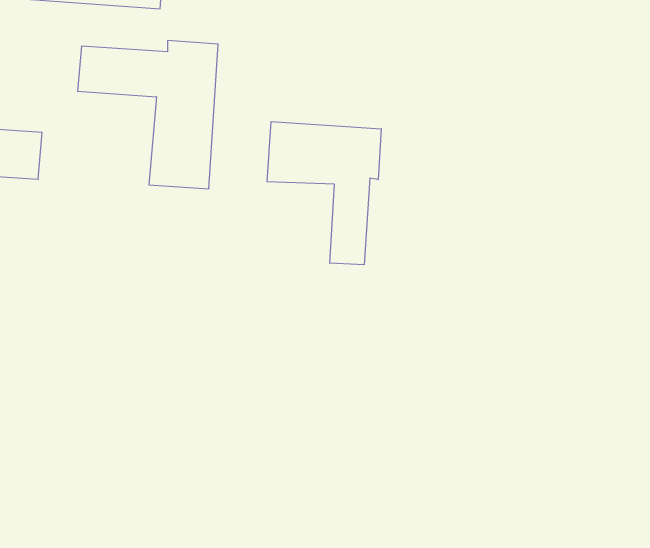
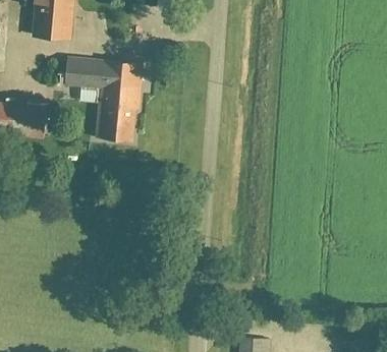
building: [267,122,381,265] -> none

